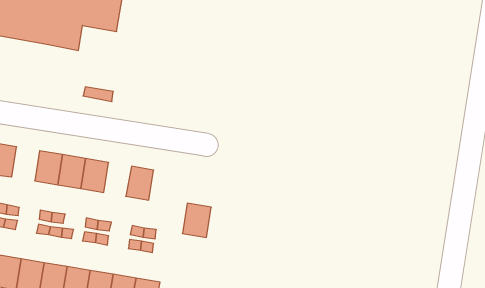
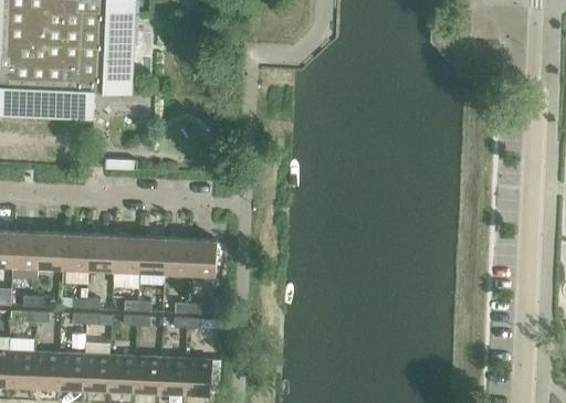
building: none -> [36,234,63,268]
building: none -> [138,238,165,273]
building: [182,203,211,237] -> [188,241,216,275]

